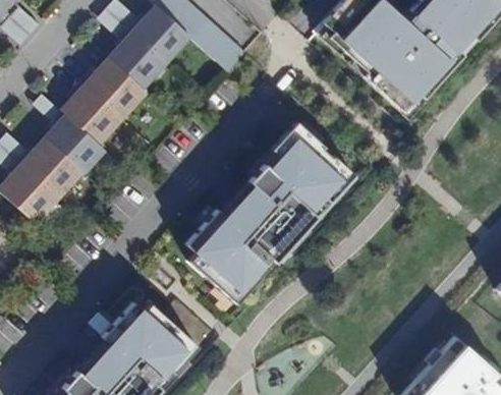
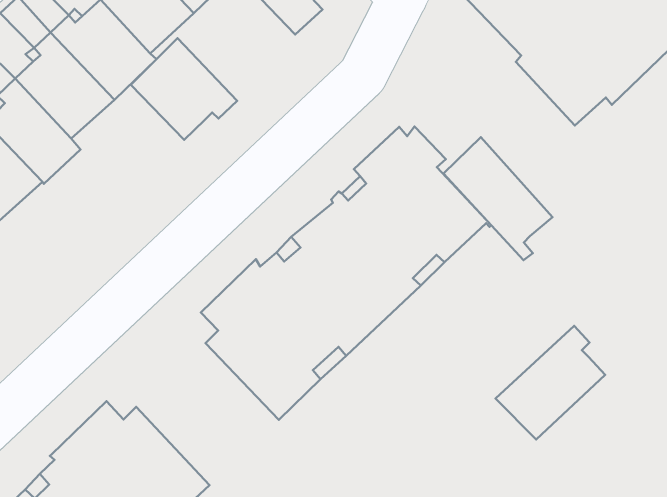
building: none -> [131,38,237,140]
building: none -> [443,137,553,260]
building: none -> [496,326,605,440]

